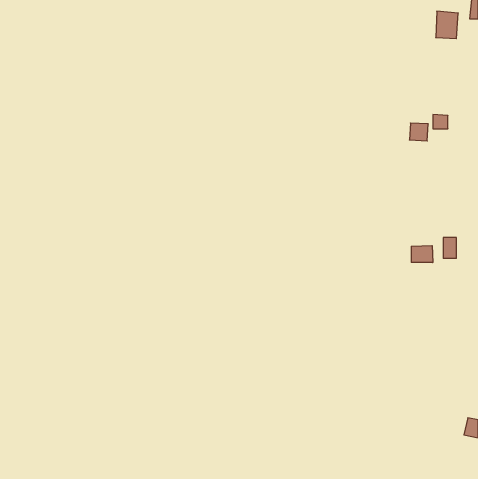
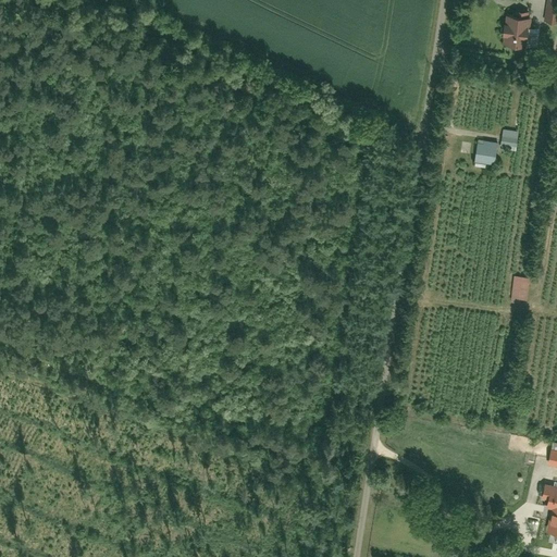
building: [411,246,433,263] -> none

